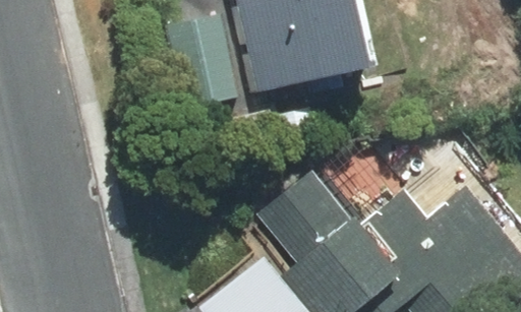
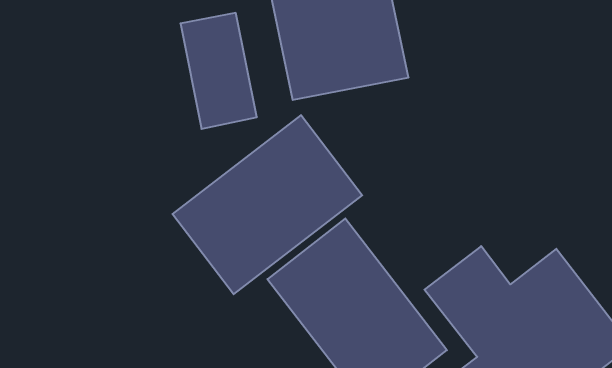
building: none -> [172,115,362,294]

